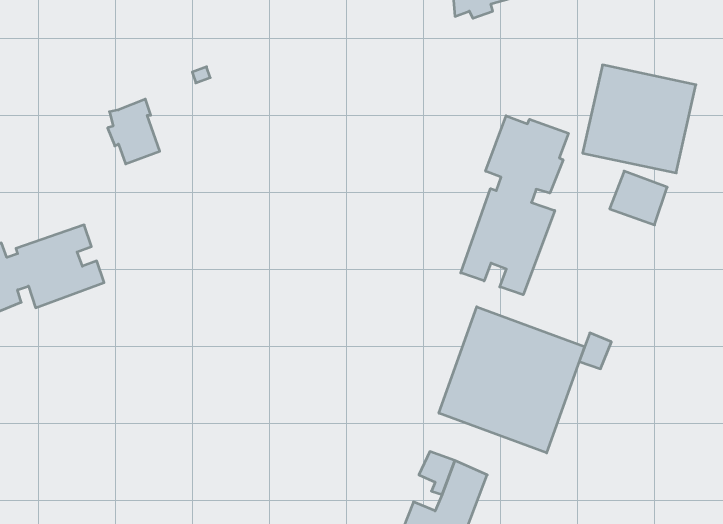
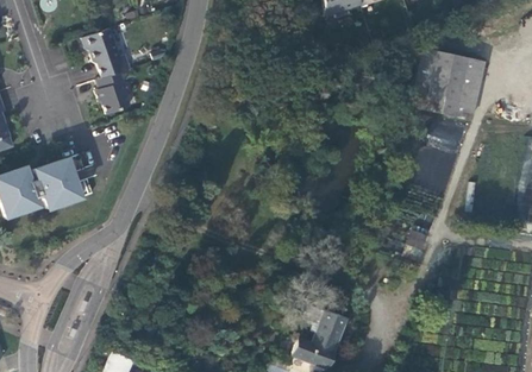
building: none -> [81,27,129,78]
building: [461,116,568,295] -> none
building: [439,307,584,453] -> none

